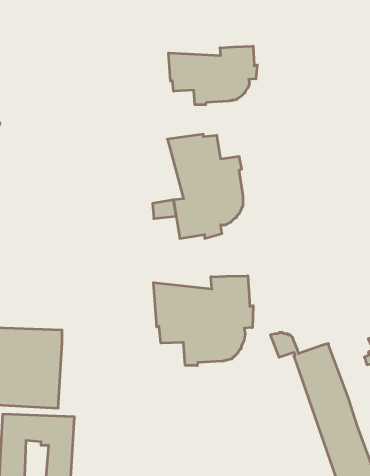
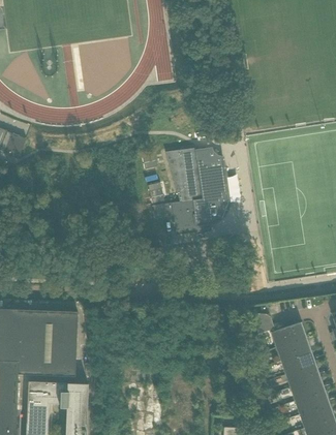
building: [169,46,257,105] -> none
building: [153,276,253,366] -> none

